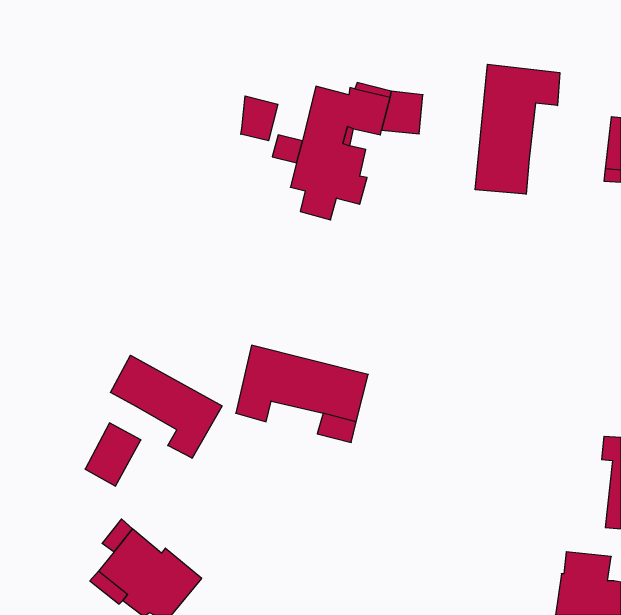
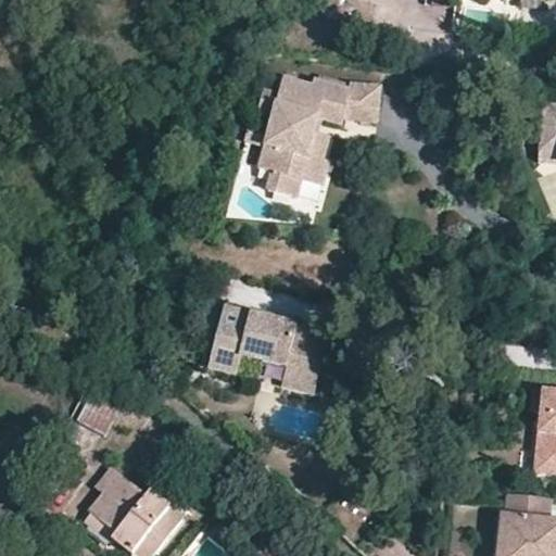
building: [475,64,560,194] -> none
building: [241,96,278,141] -> none
building: [110,355,222,458] -> none

